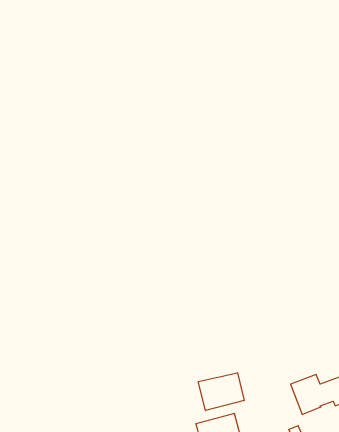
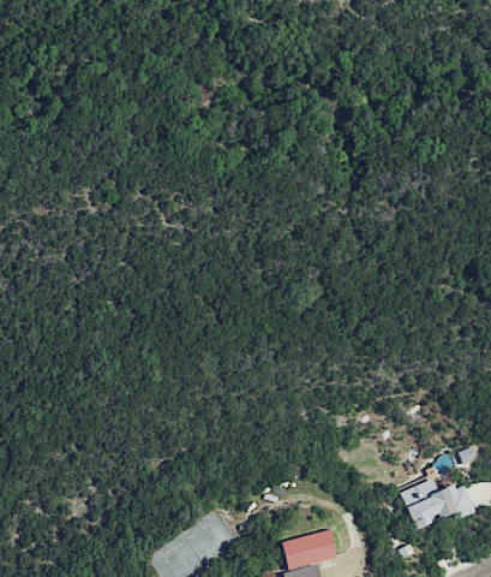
building: [198,373,244,411] -> none

